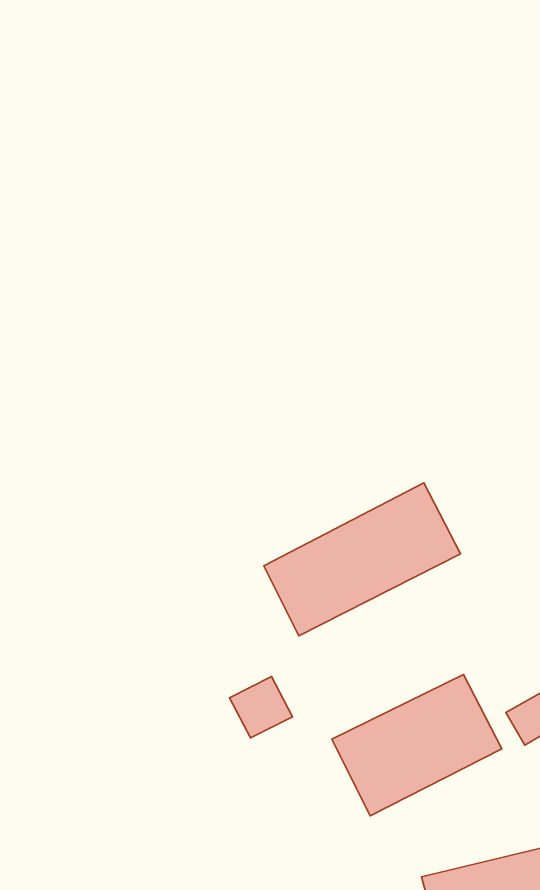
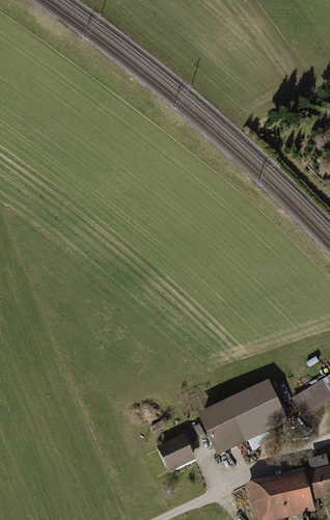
building: [264,483,460,636] -> none
building: [229,677,292,738] -> [160,435,194,468]

